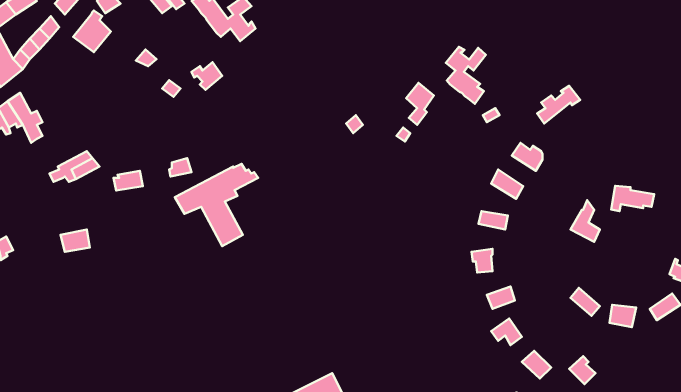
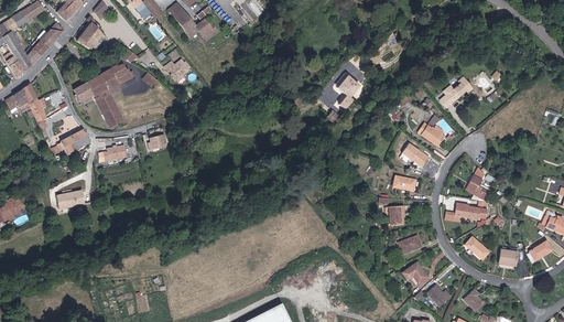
building: [446,47,486,104] -> none
building: [175,164,258,246] -> [70,63,137,128]
building: [611,186,654,211] -> [454,202,488,222]

